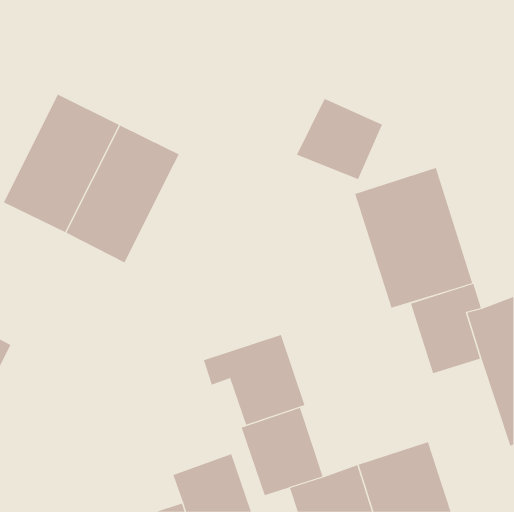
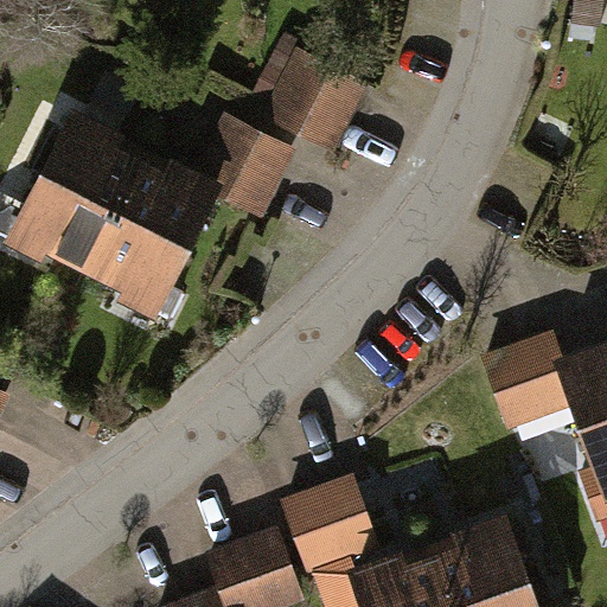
building: [296,98,383,180] -> [264,57,366,153]
building: none -> [197,119,301,224]
building: [354,167,473,309] -> none
building: [203,334,305,425] -> none

